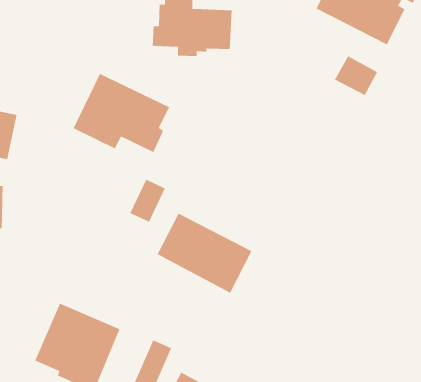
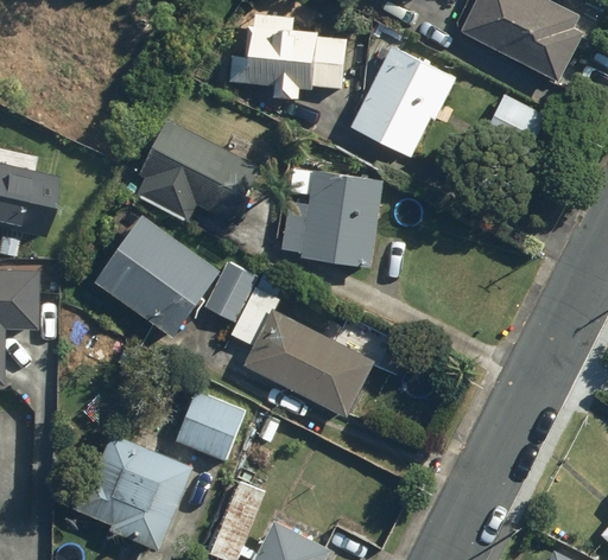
building: none -> [349,45,456,158]
building: none -> [281,170,380,266]
building: none -> [93,215,220,338]
building: none -> [175,389,245,460]

